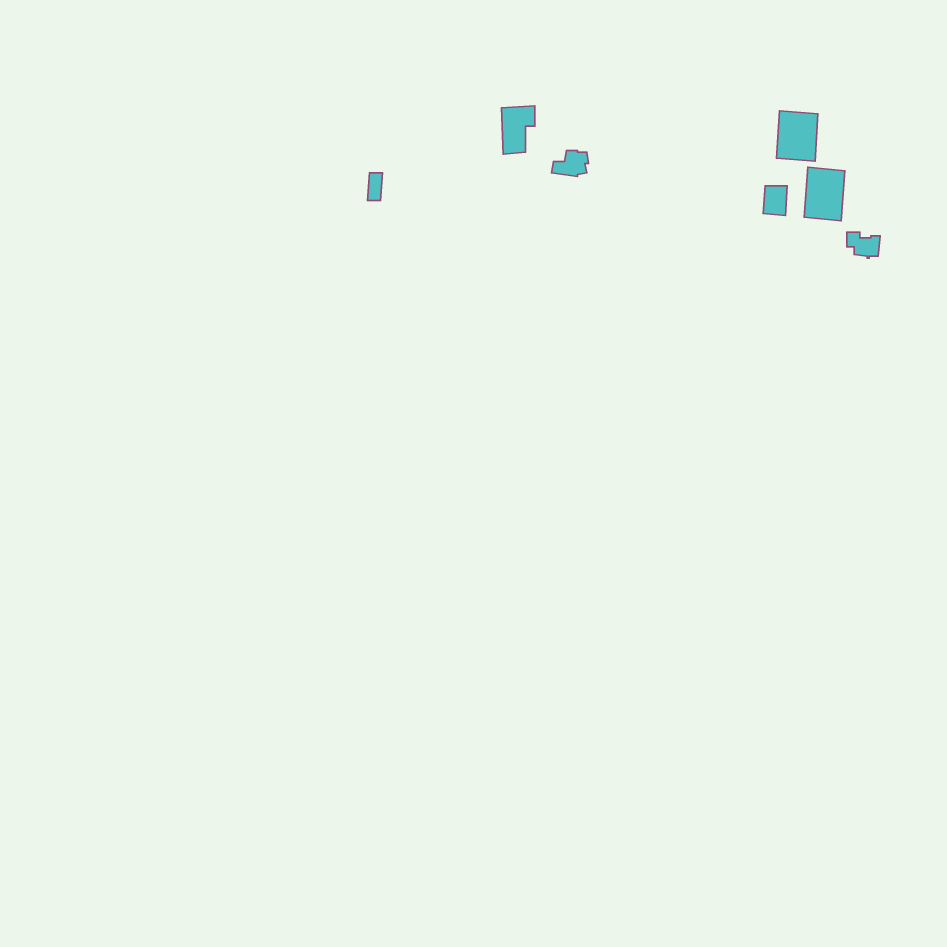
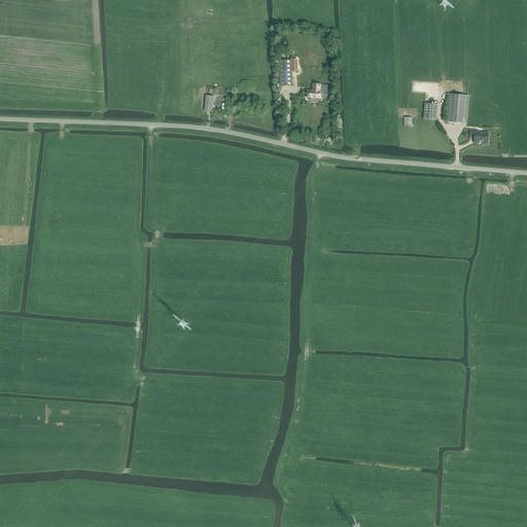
building: [777,111,818,161] -> none

